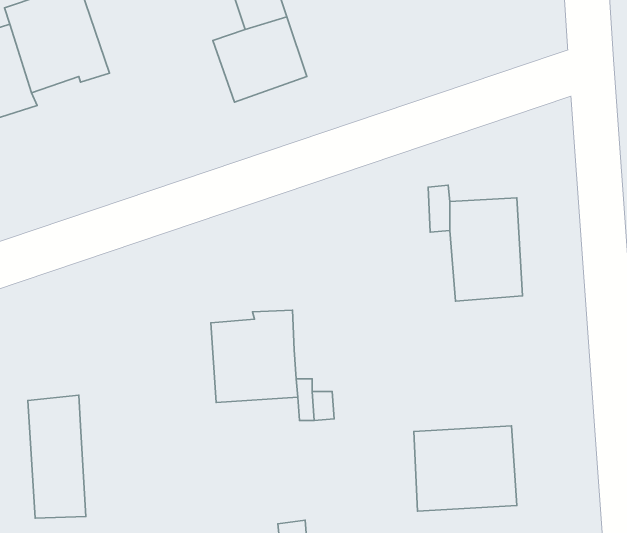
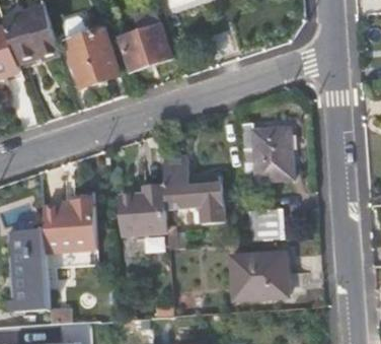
building: none -> [68,27,120,85]
building: none -> [162,154,226,223]
building: none -> [43,198,96,252]
building: none -> [246,208,286,244]

